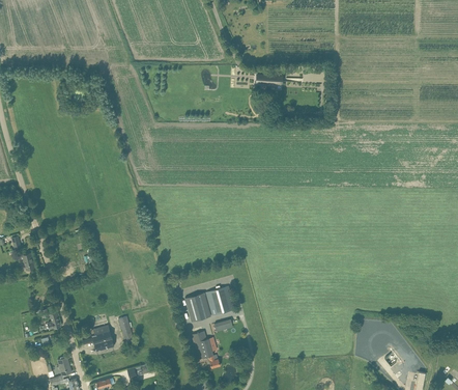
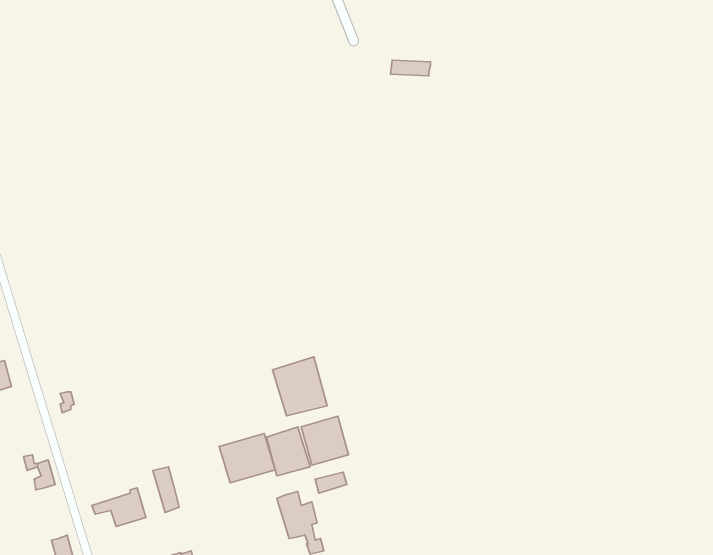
building: none -> [272,357,327,416]
building: none -> [219,433,275,483]

